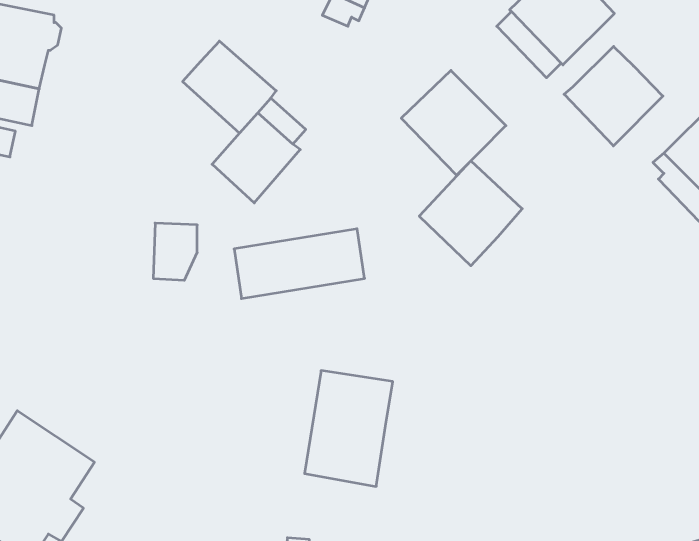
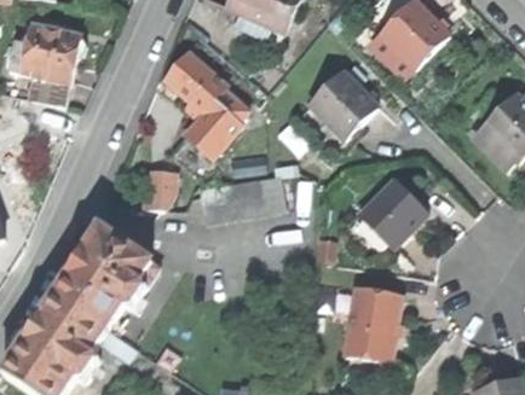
building: [564,46,663,146] -> none
building: [419,161,522,266] -> [362,182,429,251]
building: none -> [56,228,158,329]
building: [305,371,393,486] -> [342,285,400,361]

